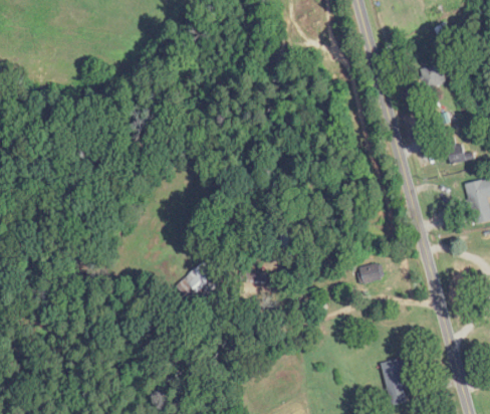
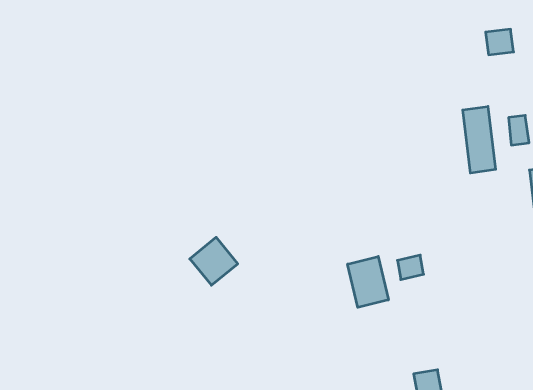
building: none -> [463,106,496,173]
building: none -> [348,256,388,307]

